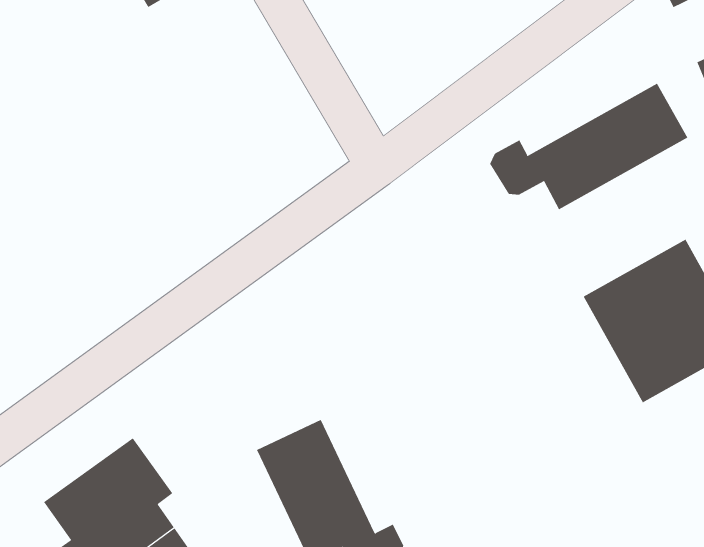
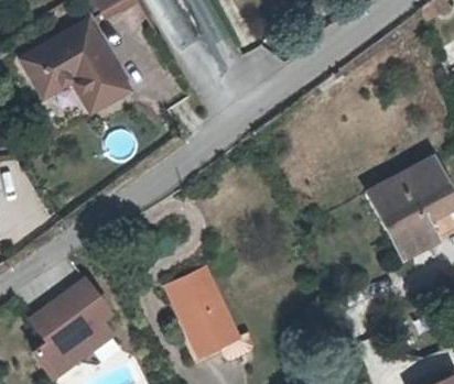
building: none -> [22,22,128,110]
building: [489,83,688,210] -> none

